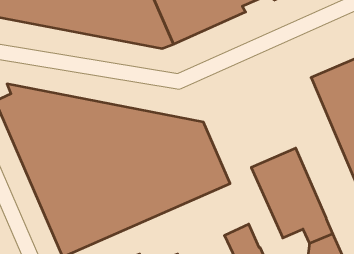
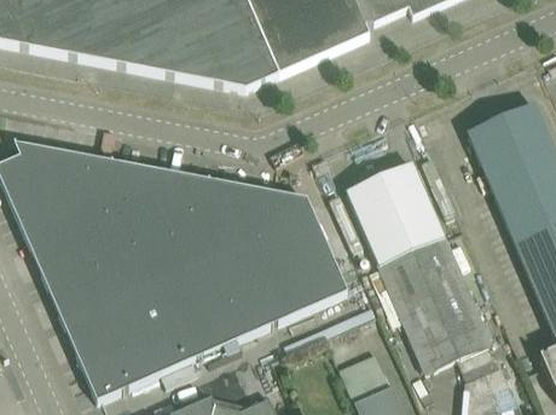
building: none -> [346,158,445,264]

